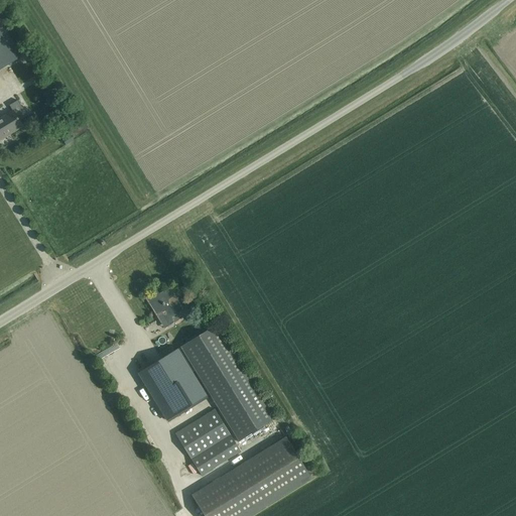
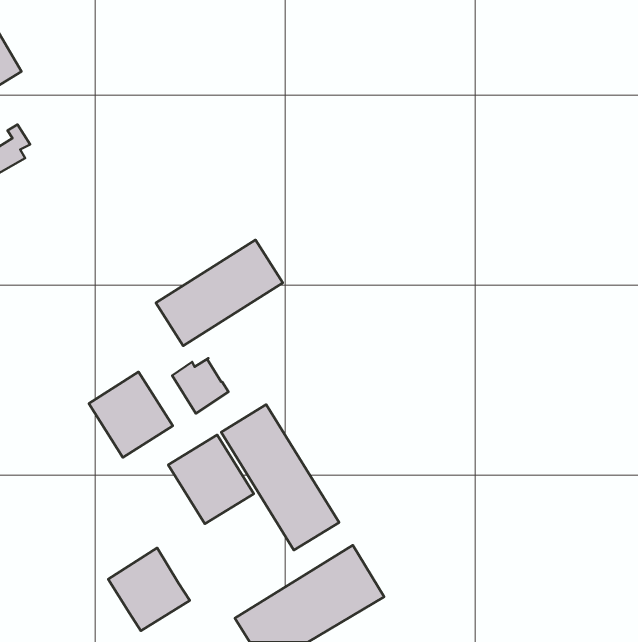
building: none -> [156,240,283,346]
building: none -> [89,372,173,457]
building: [172,409,238,476] -> [108,548,190,631]

